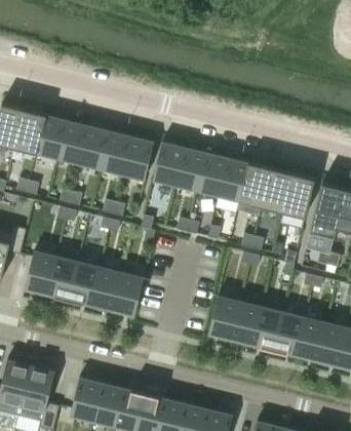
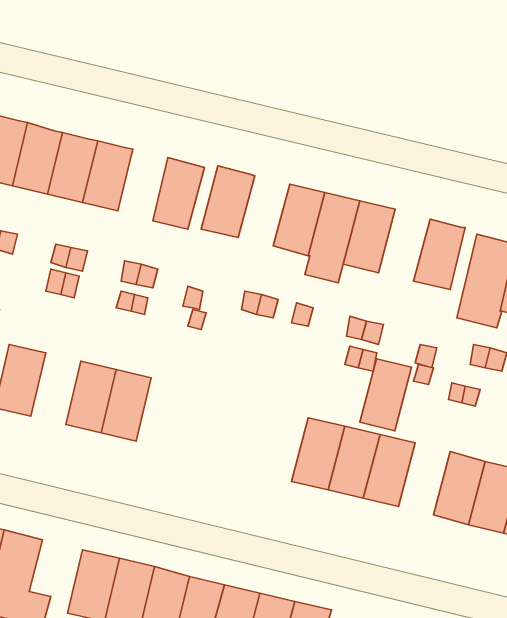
building: [101,130,131,174] -> none
building: [174,147,206,190] -> none
building: [261,167,292,211] -> none
building: [47,256,78,300] -> none
building: [112,271,144,316] -> none
building: [273,311,305,355] -> [360,359,412,431]

